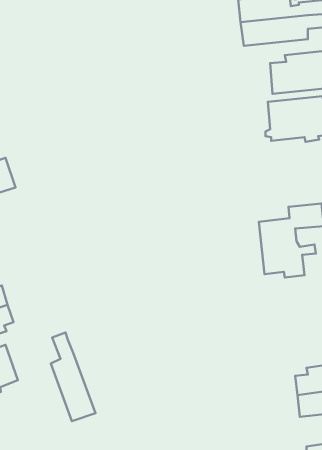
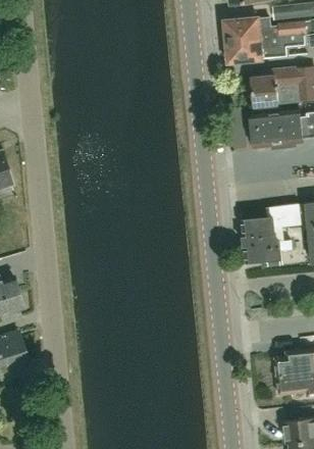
building: [51,332,96,421] -> none

